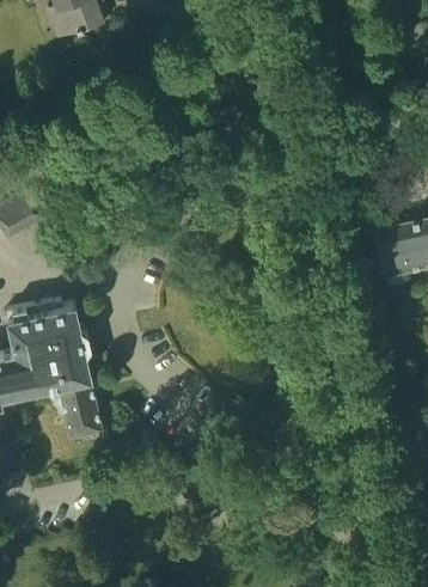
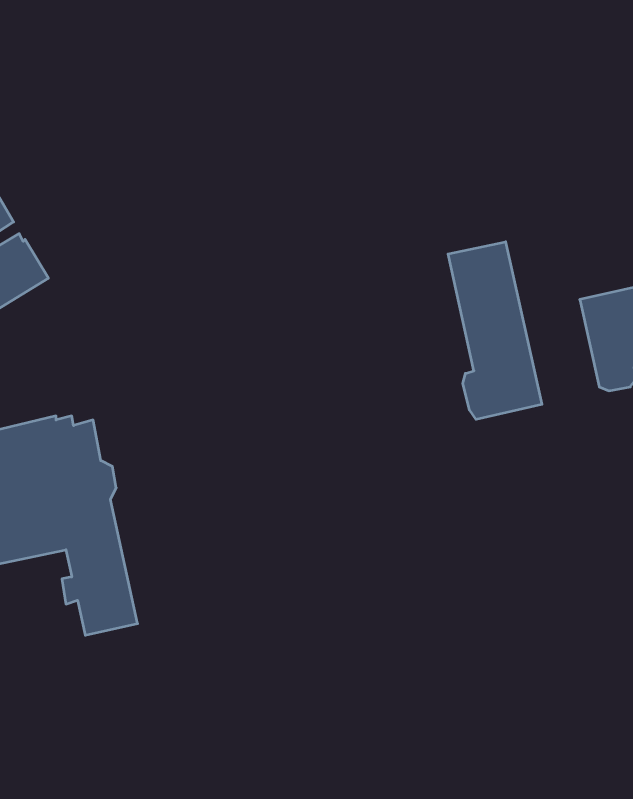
building: none -> [448,242,542,419]

